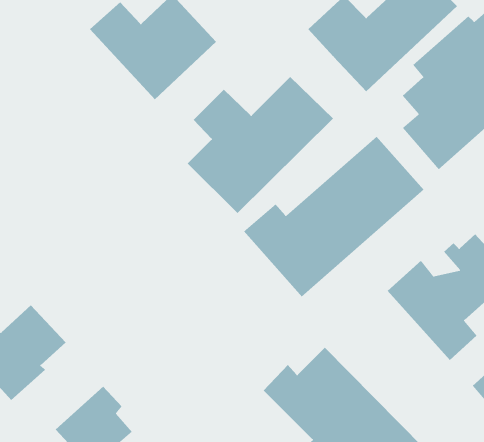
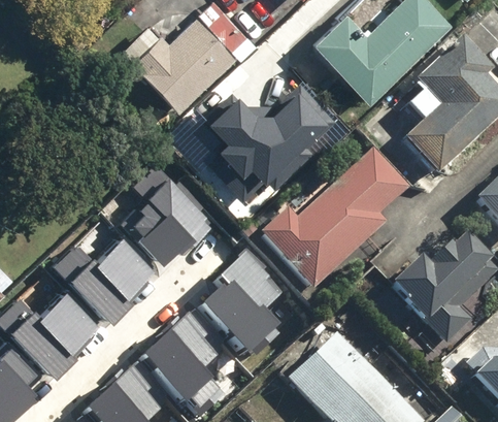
building: none -> [131,167,210,266]
building: none -> [53,240,156,327]
building: none -> [198,251,284,351]
building: none -> [147,314,226,412]

